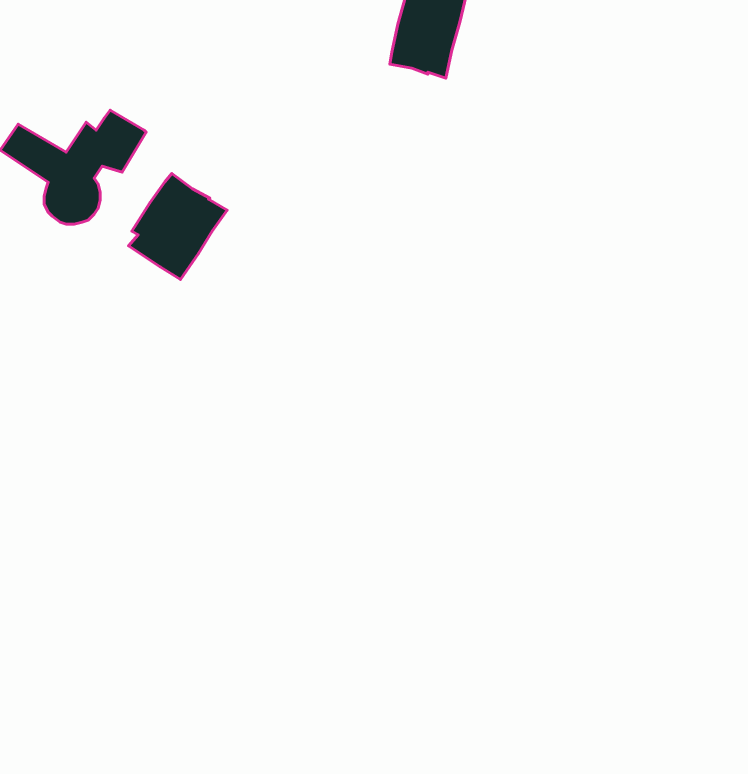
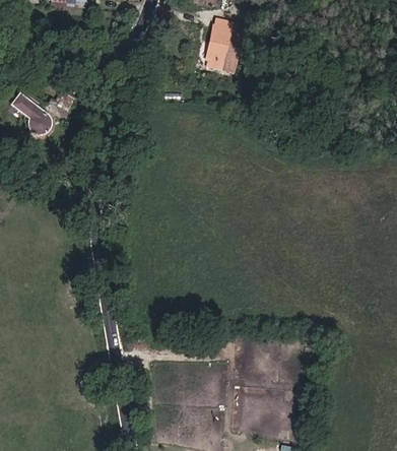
building: [128,173,227,279] -> none

